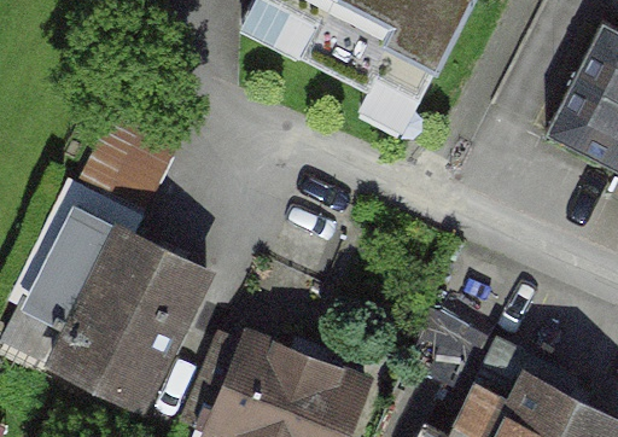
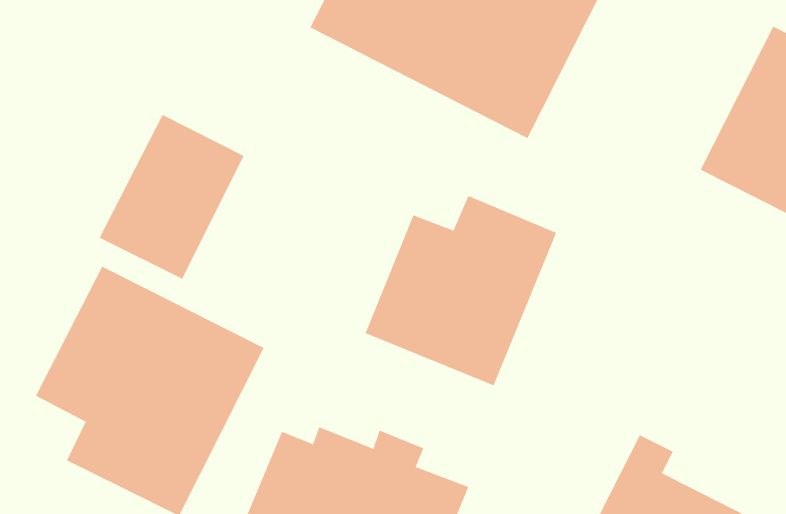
building: none -> [365,195,557,386]

